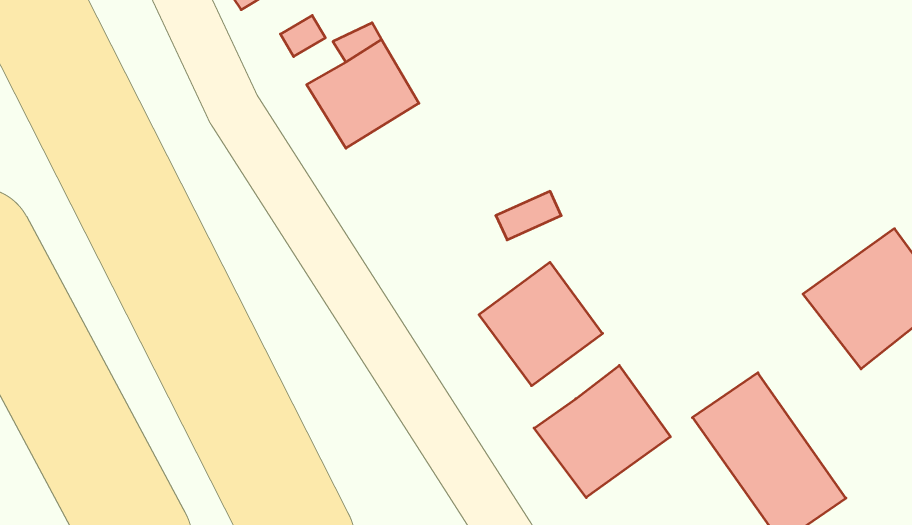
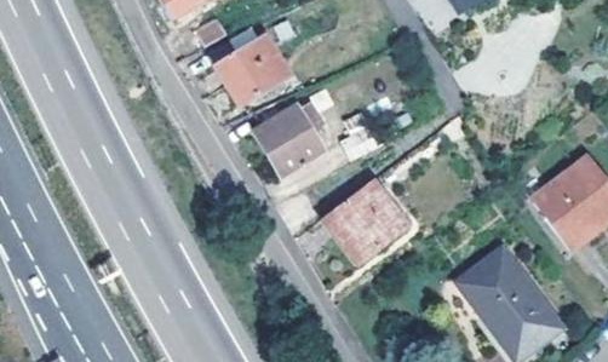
building: none -> [254,105,323,176]
building: [534,365,670,498] -> none

